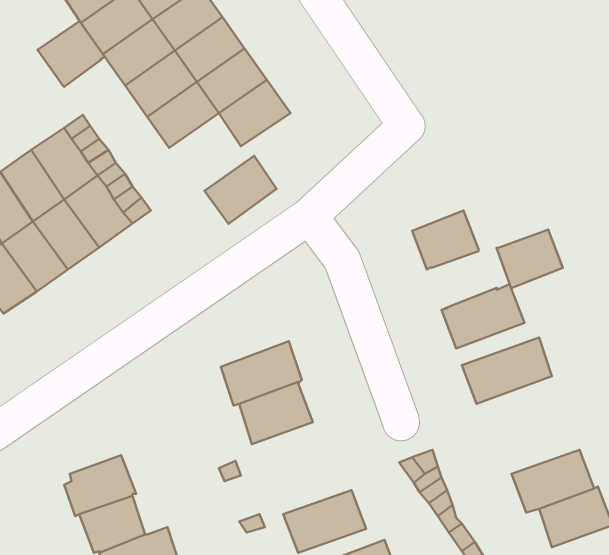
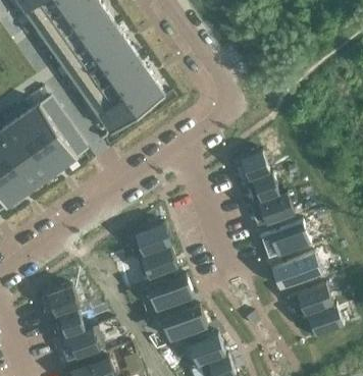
building: [38,21,105,87] -> none
building: [205,156,276,224] -> [99,97,139,135]
building: [496,229,563,288] -> [244,172,280,205]
building: none -> [272,252,323,289]
building: none -> [149,275,195,311]

